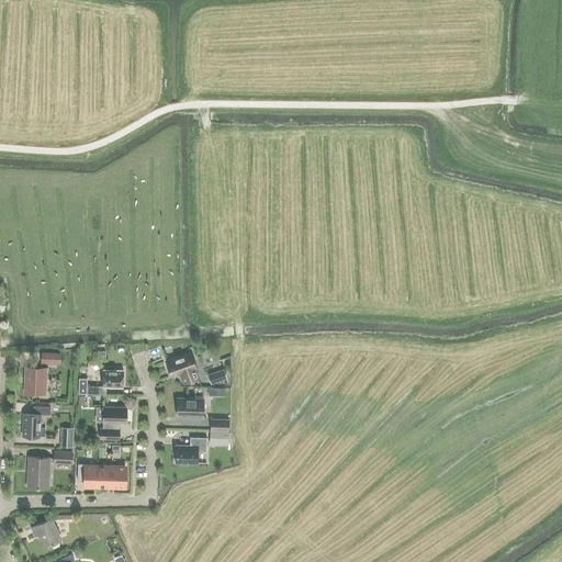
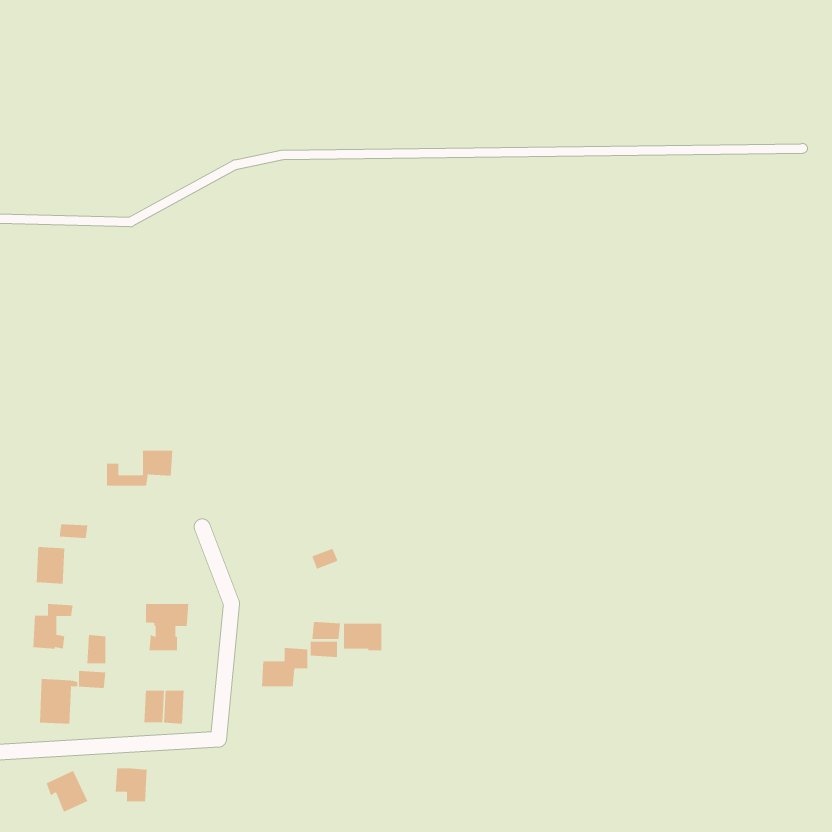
building: [167,352,199,383] -> none
building: [79,370,124,394] -> [106,450,173,486]
building: [178,398,204,417] -> [343,623,382,651]
building: [76,464,98,487] -> [115,768,147,802]

